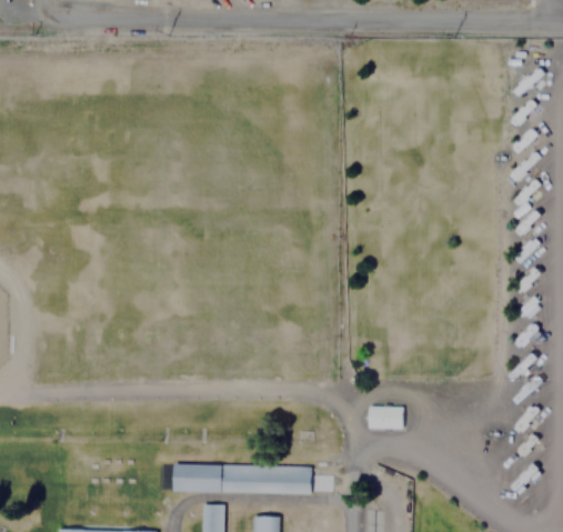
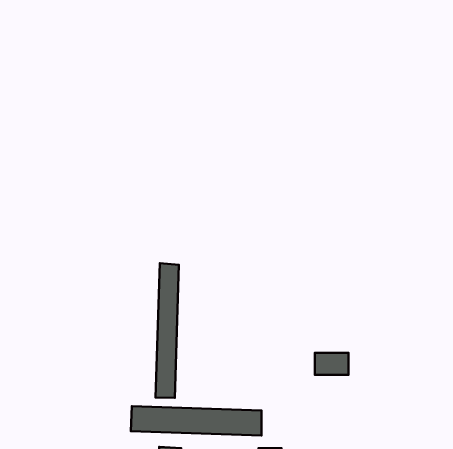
building: none -> [156,263,179,398]

